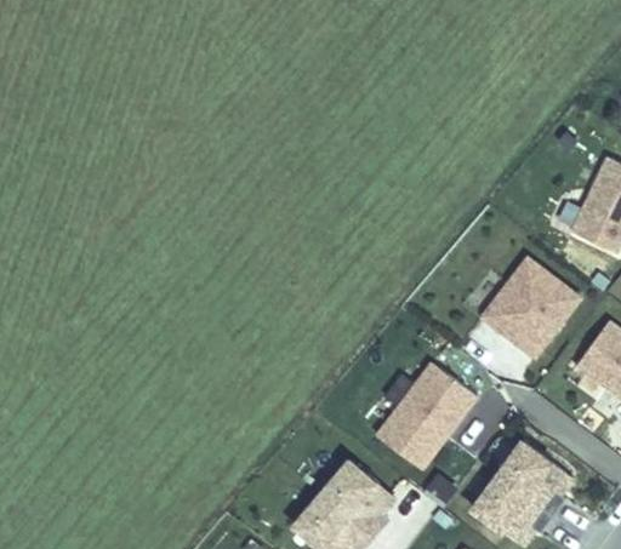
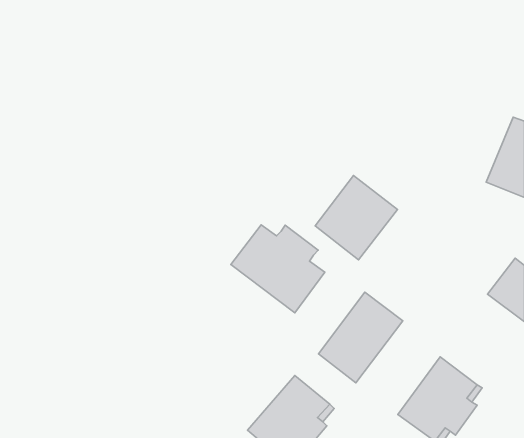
building: [482,258,579,358] -> [315,176,398,260]
building: none -> [231,225,325,313]

